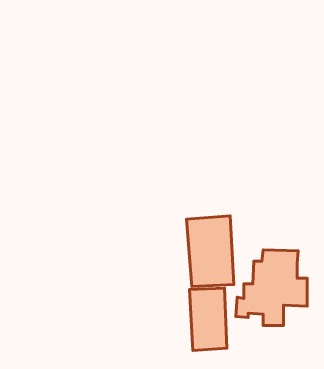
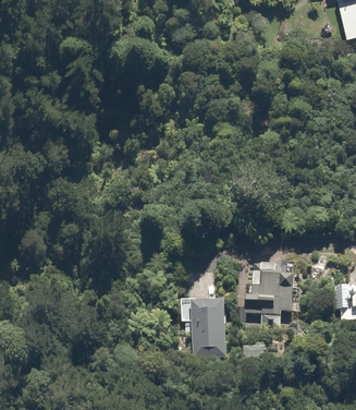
building: [187,216,234,286] -> none

